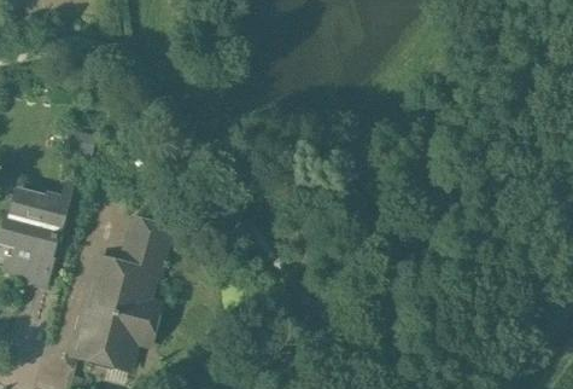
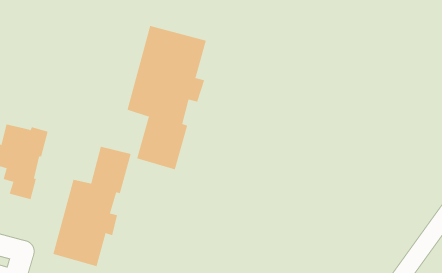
building: none -> [127,25,207,170]

